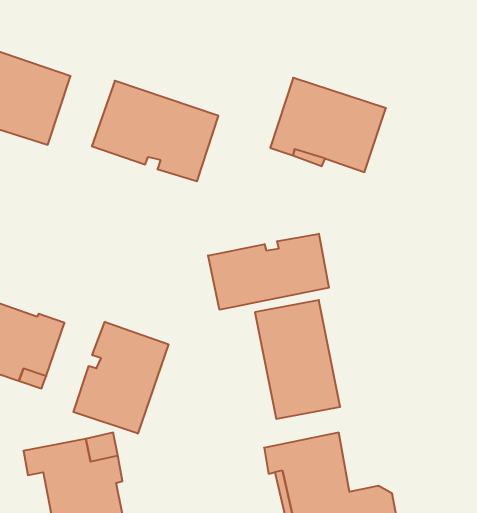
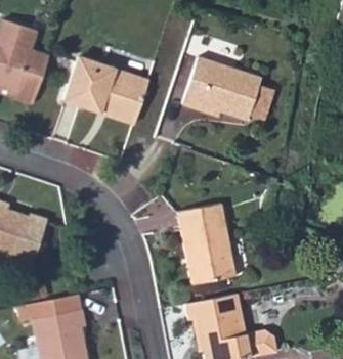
building: [208,234,329,310] -> none
building: [73,322,168,434] -> none

